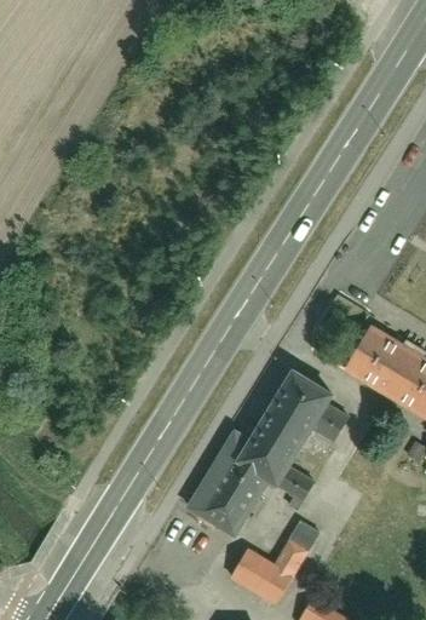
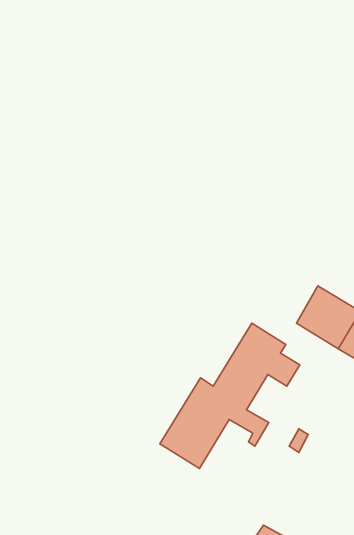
building: [228,521,318,602] -> none

